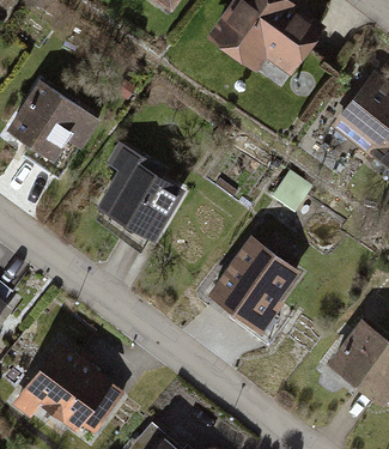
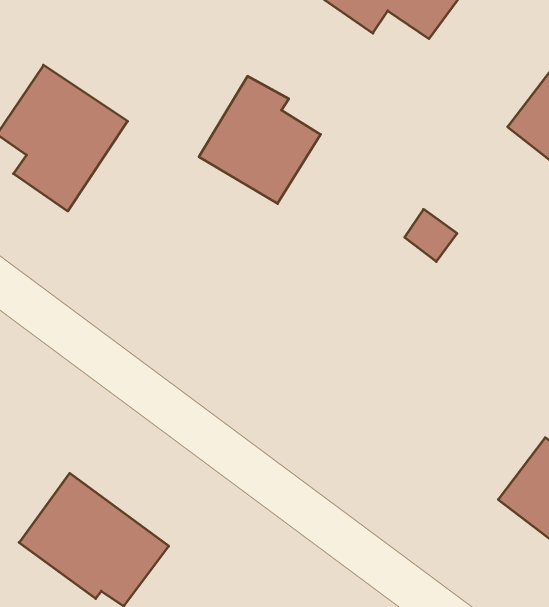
building: [102,154,180,236] -> [199,76,321,204]
building: [212,239,296,326] -> none

